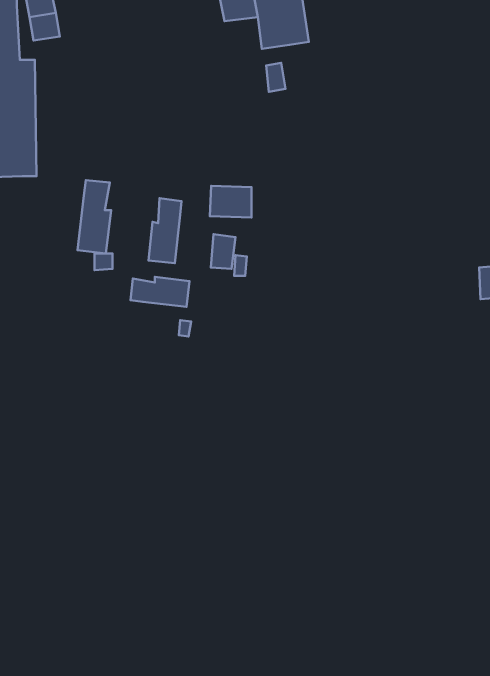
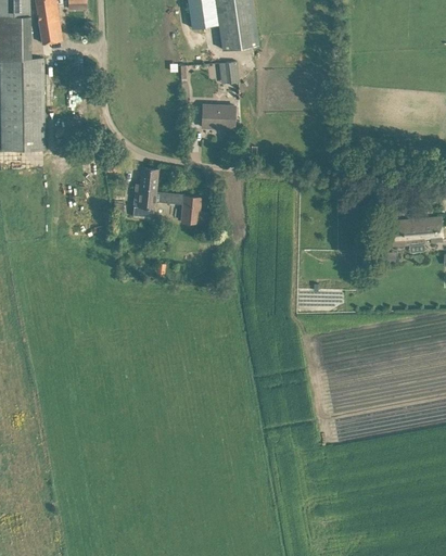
building: [78,180,111,254] -> none
building: [210,186,251,218] -> [202,102,234,127]
building: [131,277,190,307] -> none

